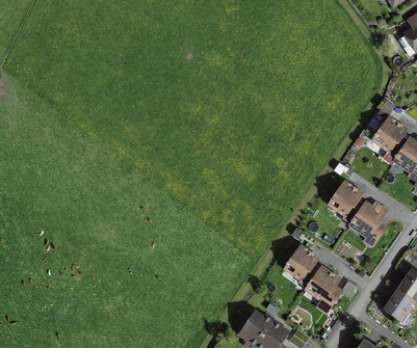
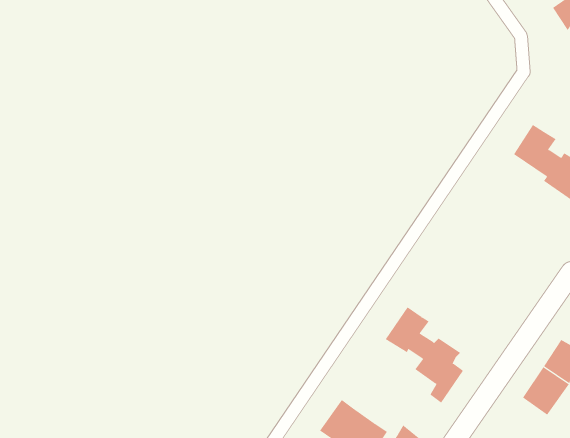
building: [331,183,385,241] -> none

